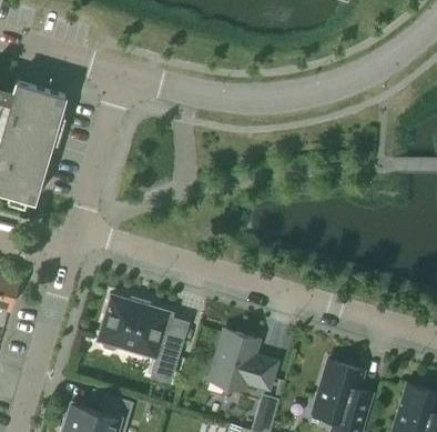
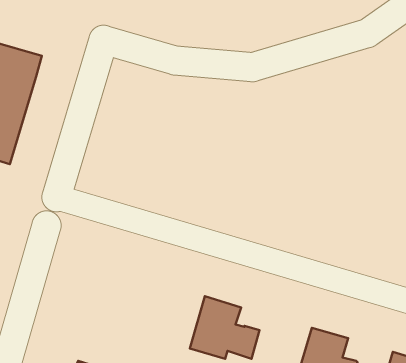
building: [98,297,186,382] -> none

